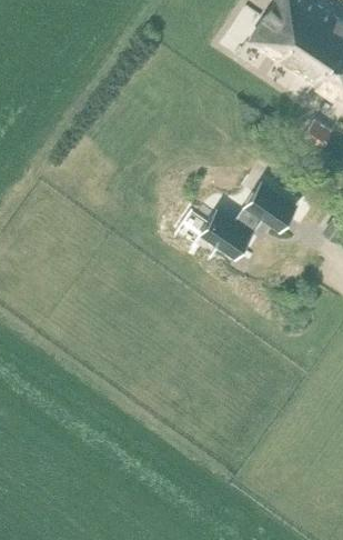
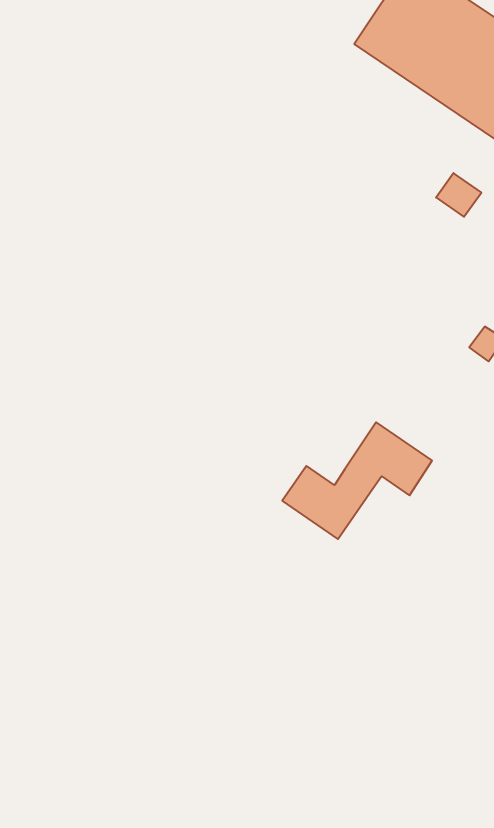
building: [199,181,294,256] -> [282,422,432,539]

